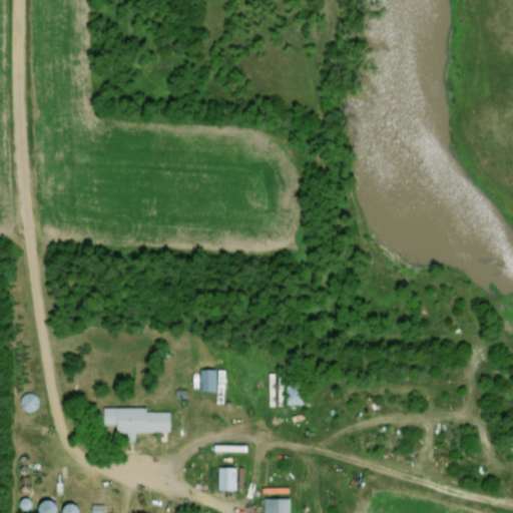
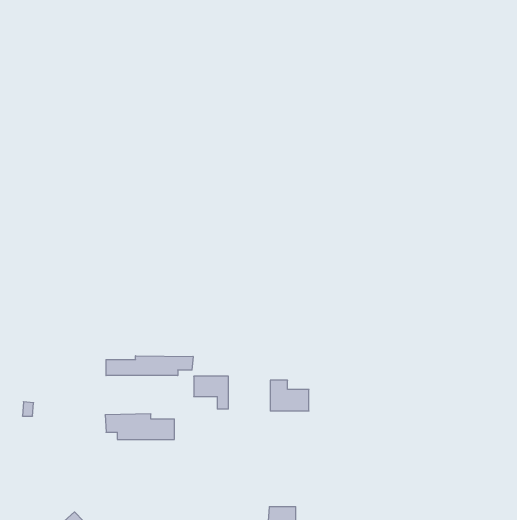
building: none -> [106,356,193,376]
building: [217,468,237,491] -> none

